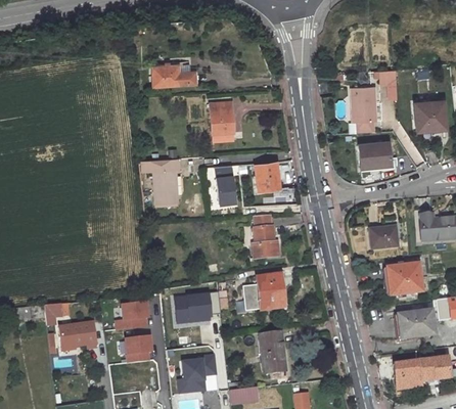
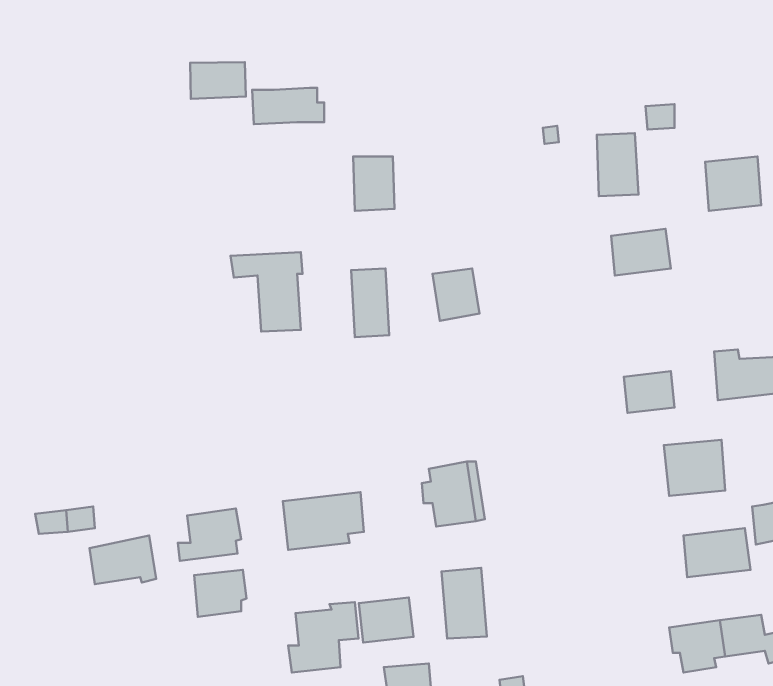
building: none -> [190,62,246,99]
building: [255,216,280,259] -> none
building: none -> [359,597,413,642]

